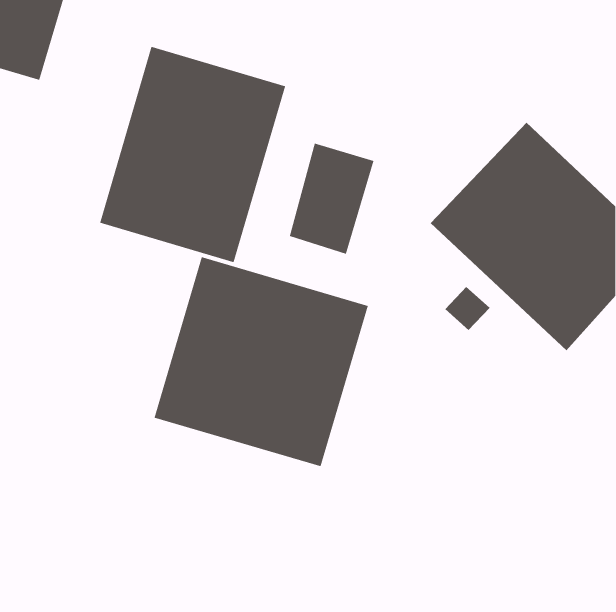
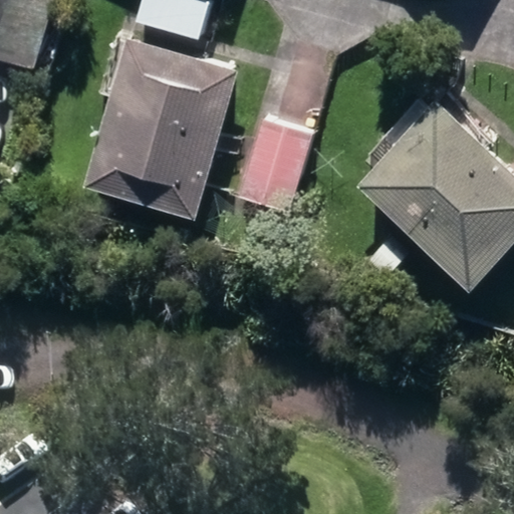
building: [153,256,369,467] -> none

